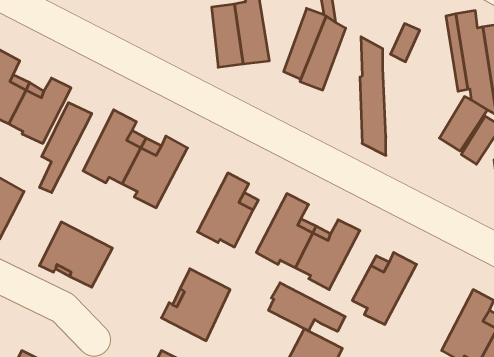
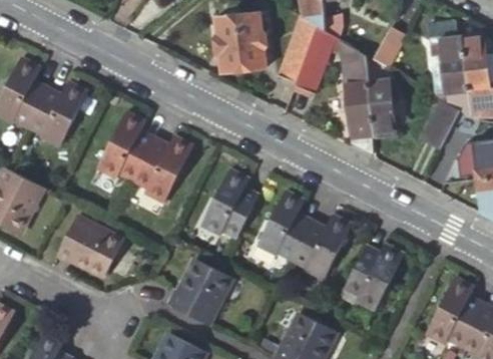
building: none -> [372,73,397,137]
building: [40,103,92,193] -> none
building: [269,283,345,331] -> none

